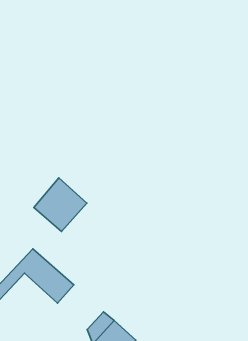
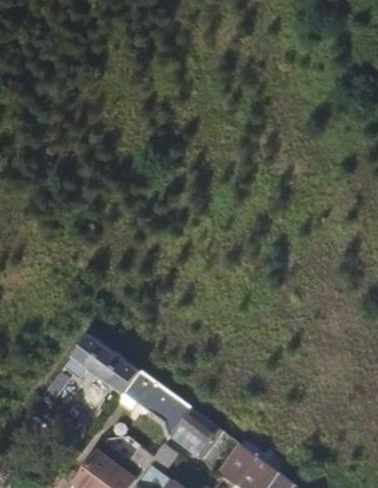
building: [34,178,87,231] -> none
building: none -> [120,371,173,417]

